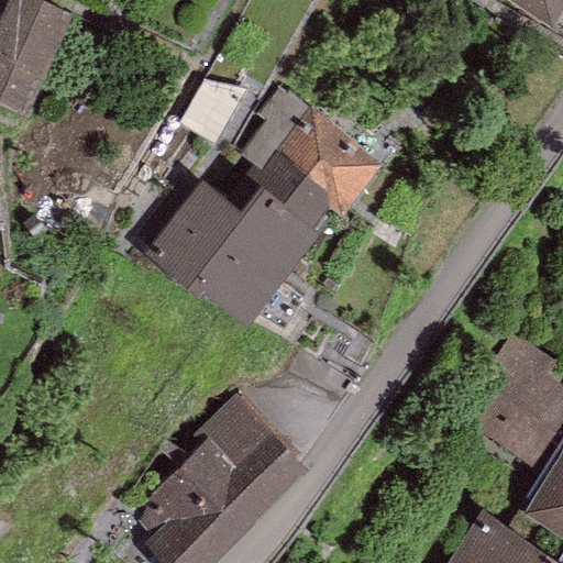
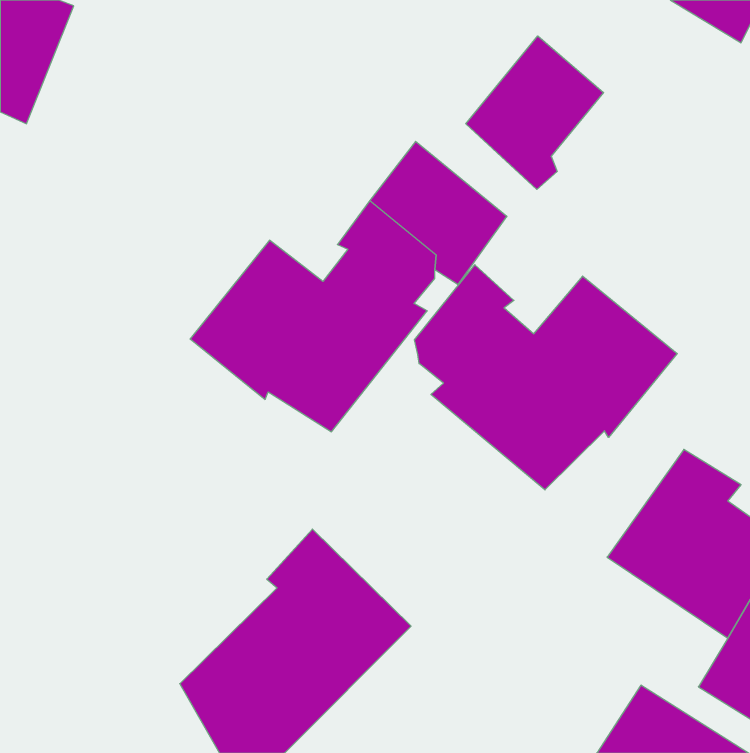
building: none -> [466,36,604,189]
building: none -> [414,265,677,490]

